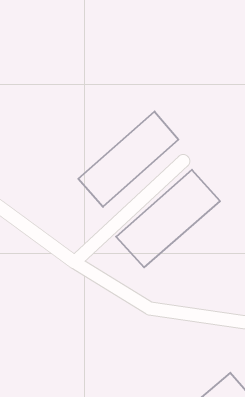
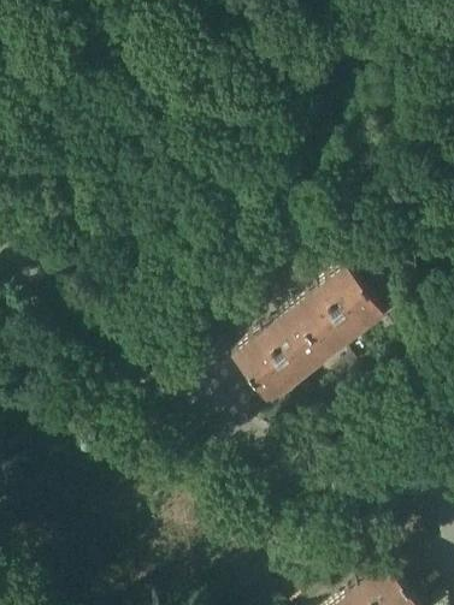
building: [78,111,178,207] -> none

